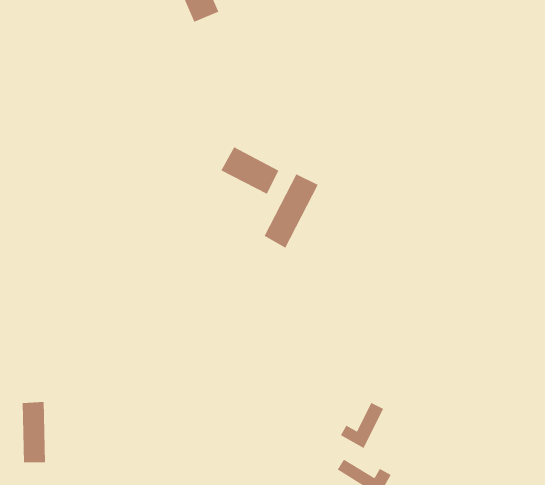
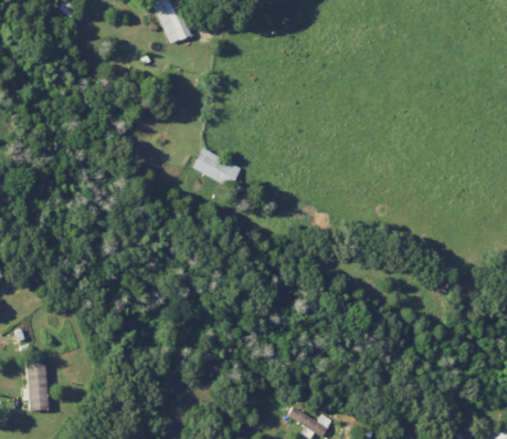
building: [264,174,319,248] -> none
building: [340,402,384,449] -> none

